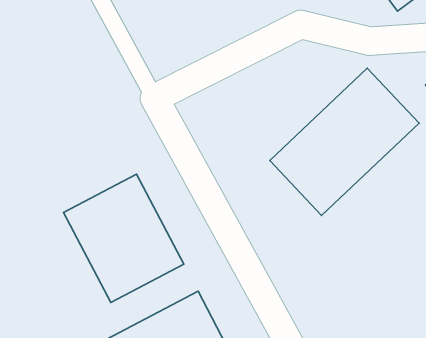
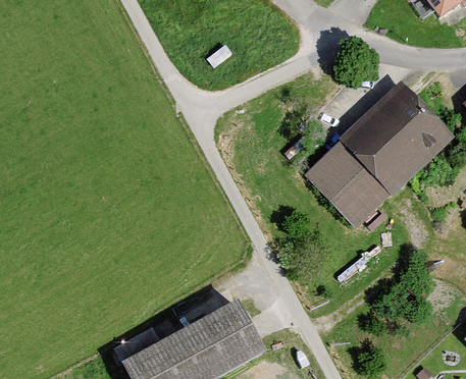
building: [64,174,184,302] -> none

